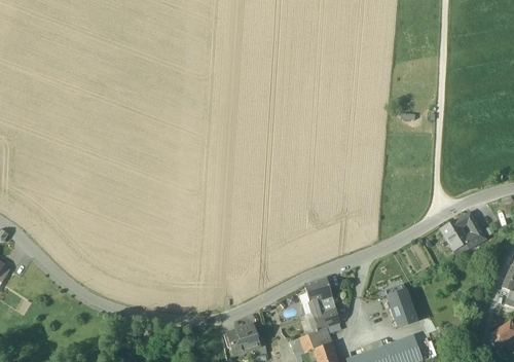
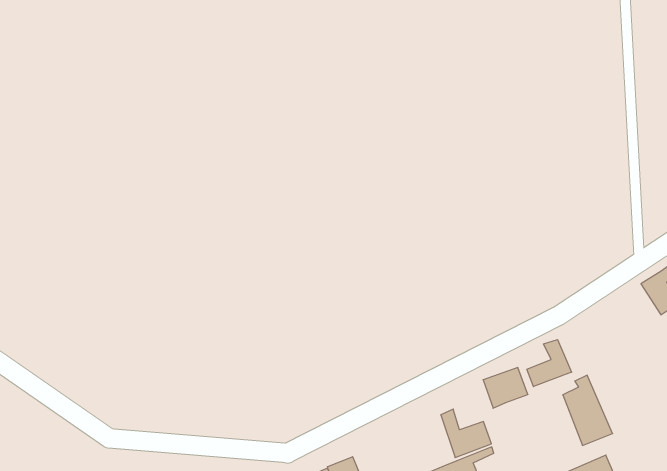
building: none -> [527,340,572,387]
building: [304,278,332,302] -> [483,368,528,408]

